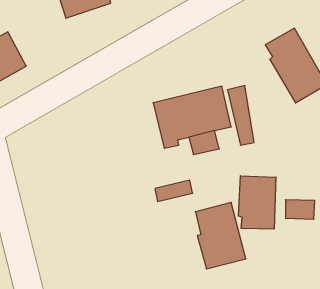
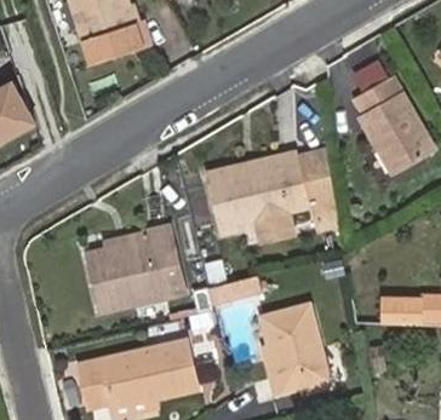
building: none -> [85,225,184,310]
building: [238,176,276,229] -> none
building: none -> [80,339,196,407]

